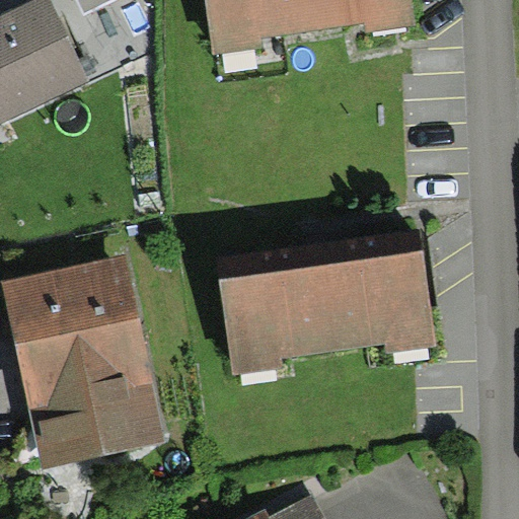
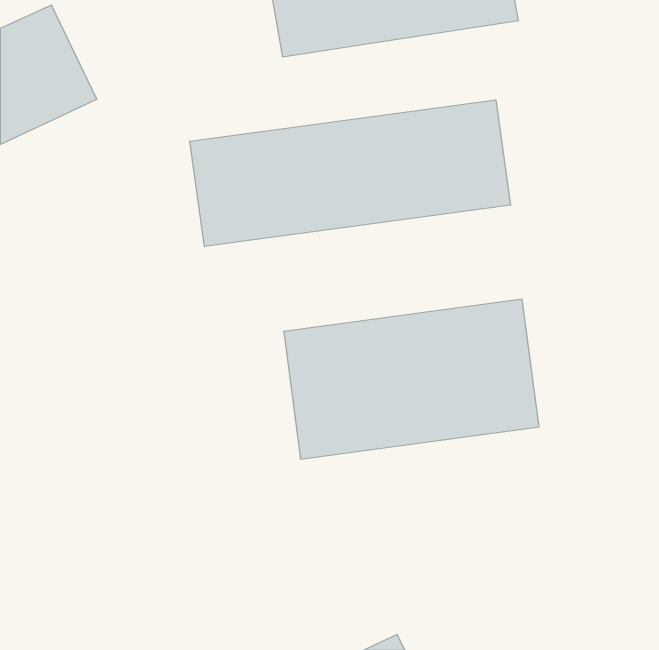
building: none -> [190,100,511,247]
building: [5,266,152,463] -> none

